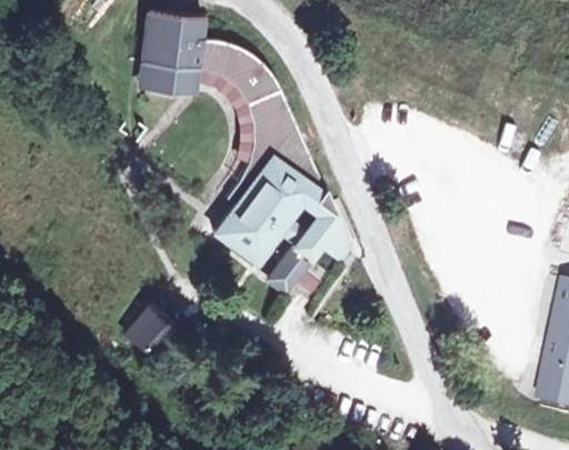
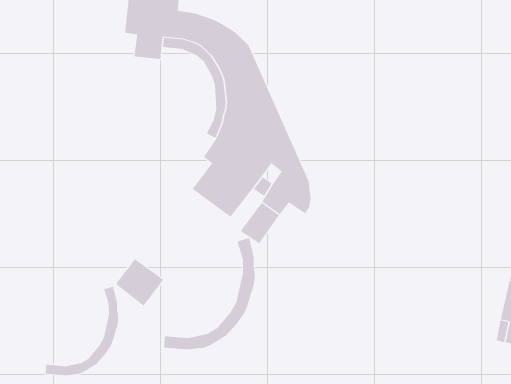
building: none -> [163,237,255,350]
building: none -> [45,286,119,376]

